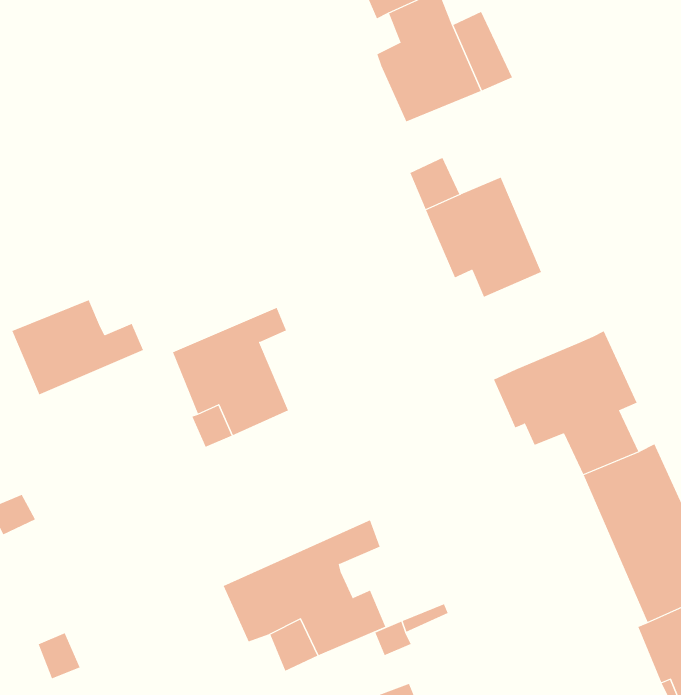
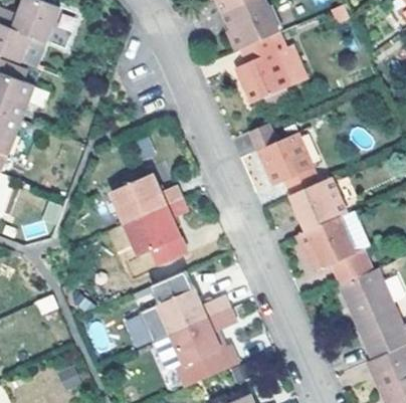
building: none -> [289,176,346,231]
building: [11,300,144,395] -> [115,173,183,222]
building: none -> [141,269,231,343]

